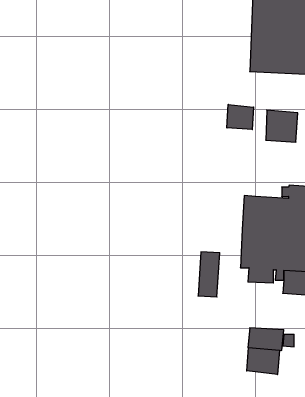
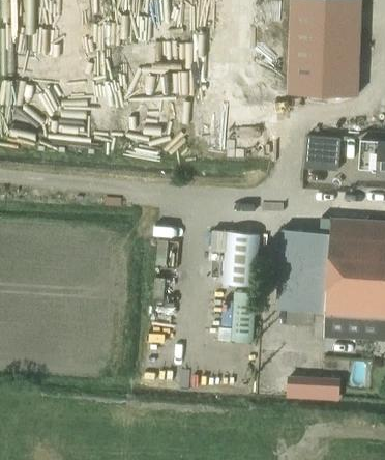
building: [227,104,254,130] -> none
building: none -> [223,232,259,286]
building: [247,348,279,375] -> none

